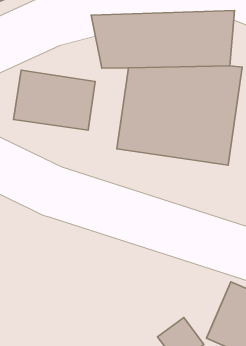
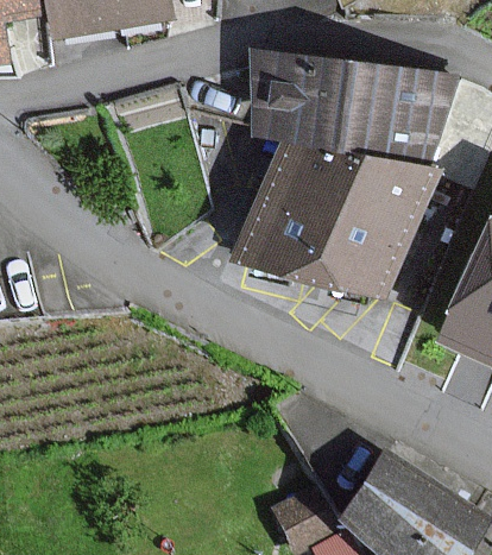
building: [14,70,95,130] -> none

